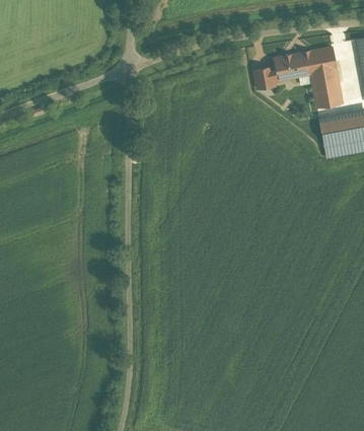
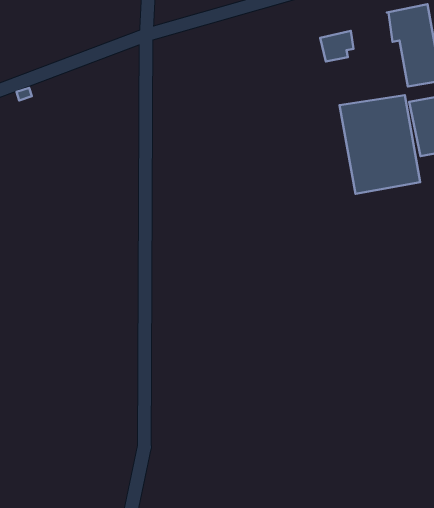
building: [275,53,306,79] -> none
building: none -> [339,95,420,194]

